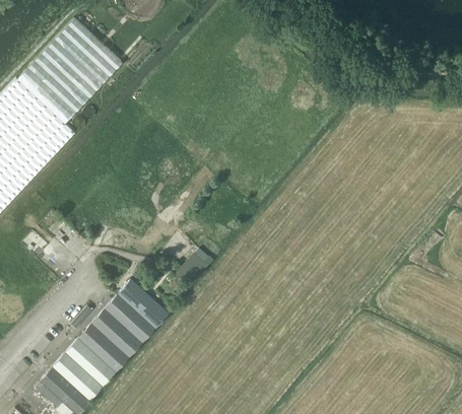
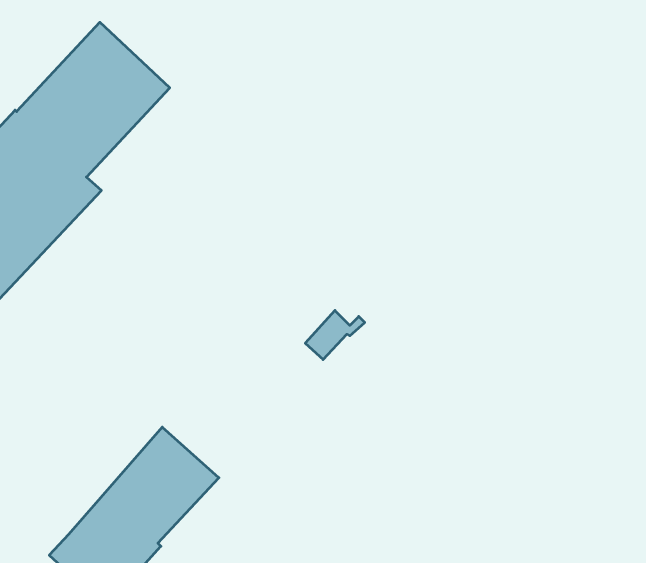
building: [173,252,213,285] -> [305,310,365,360]
building: [116,278,169,328] -> none

